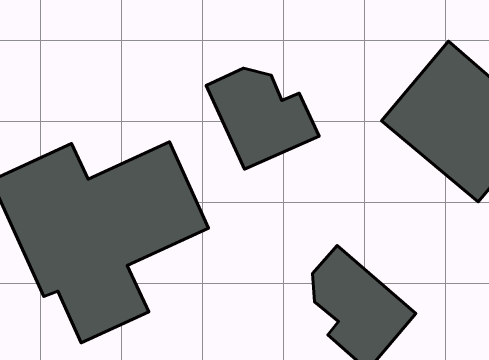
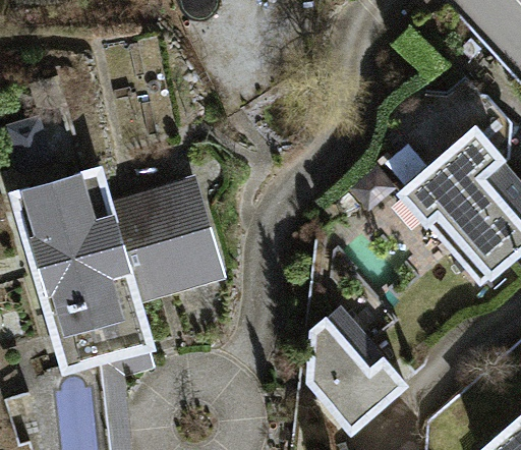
building: [206,68,319,169] -> none

